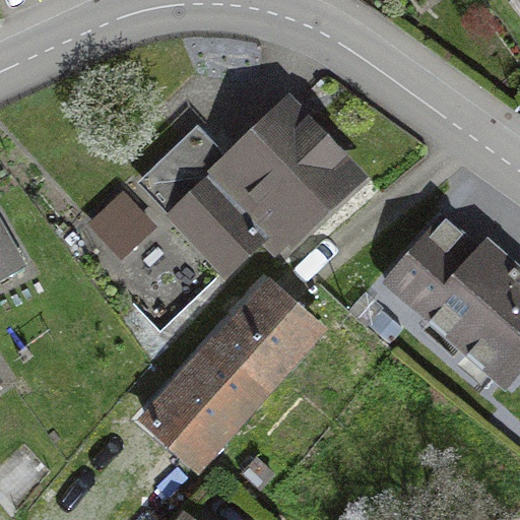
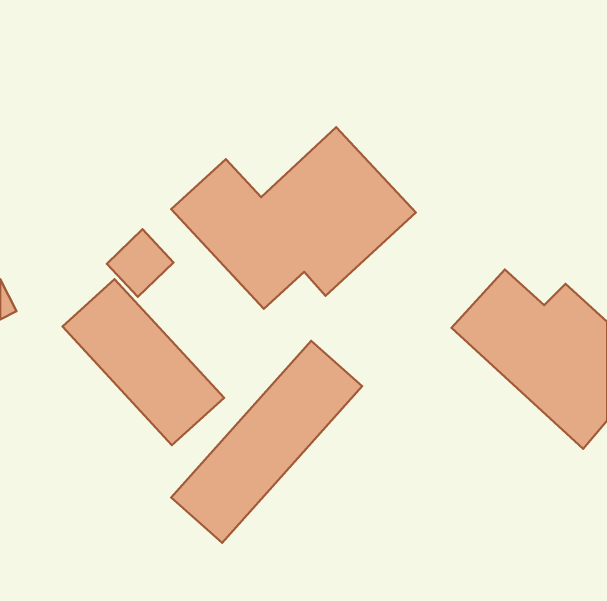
building: none -> [63,279,224,445]

